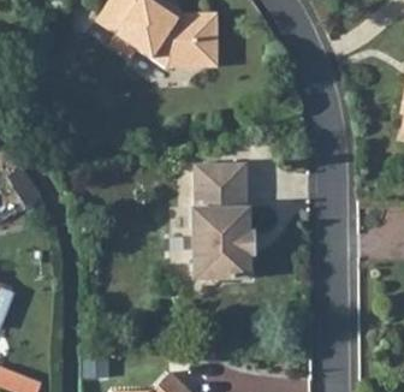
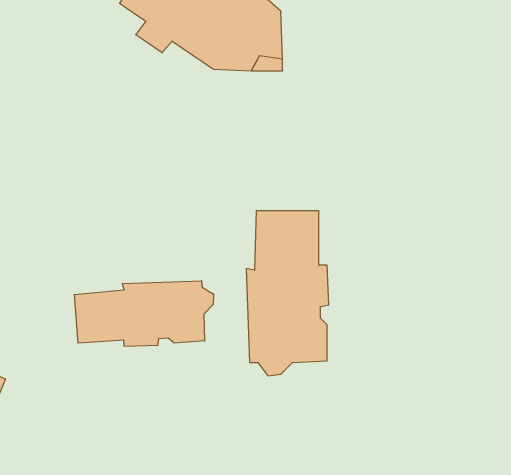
building: none -> [74,281,214,346]

